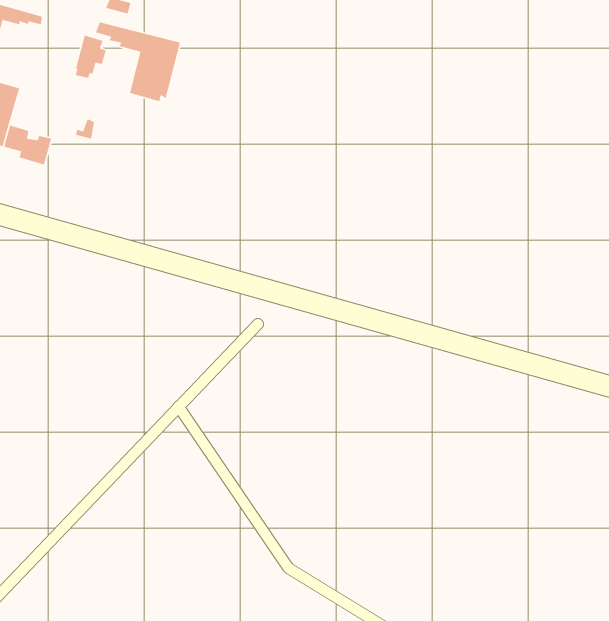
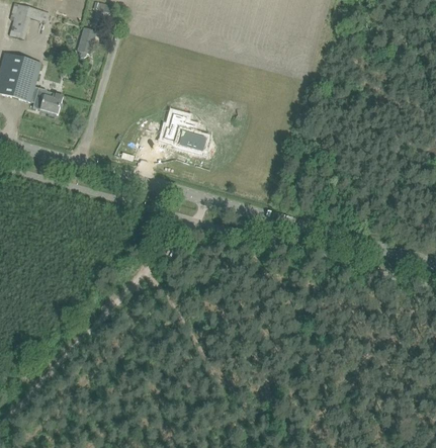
building: [95,22,181,102] -> none
building: none -> [163,114,205,152]

